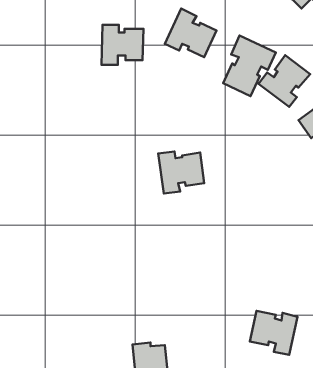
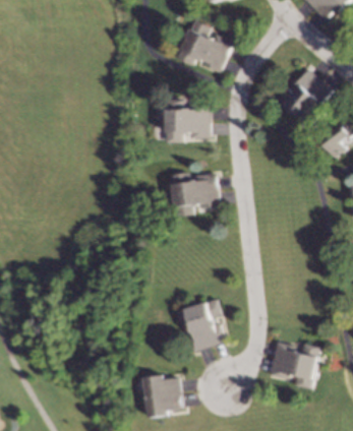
building: [102,25,144,65] -> [166,100,211,142]
building: [223,35,276,96] -> none
building: none -> [175,299,225,353]

